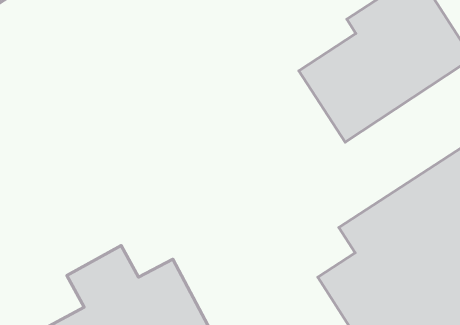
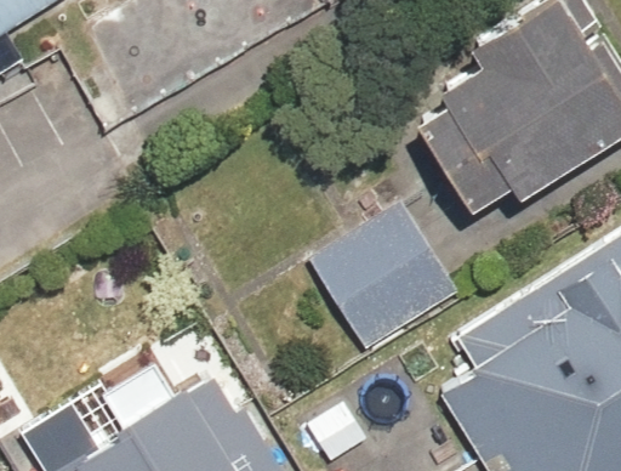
building: none -> [303,202,461,359]

